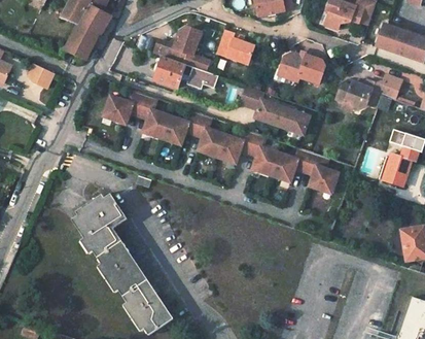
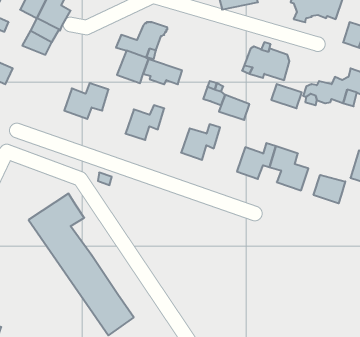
building: [214,29,253,63] -> none
building: [140,94,171,137] -> none
building: [279,108,309,132] -> [271,84,302,108]
building: [194,112,225,156] -> none
building: [249,131,280,174] -> none
building: none -> [314,175,345,203]

